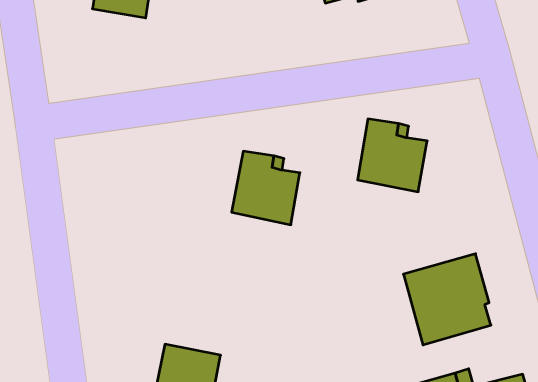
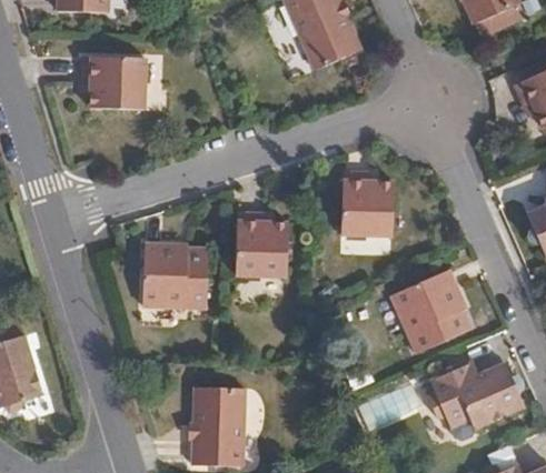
building: none -> [141,244,208,308]

